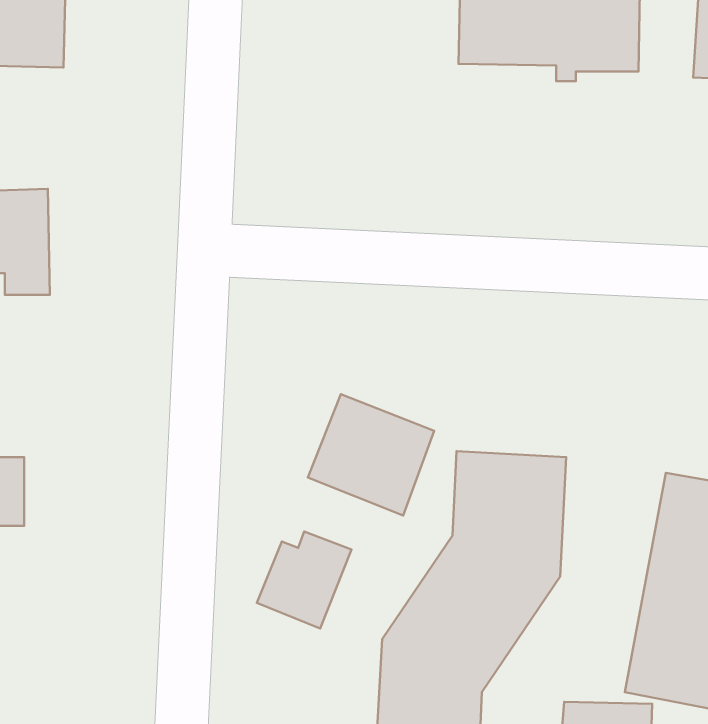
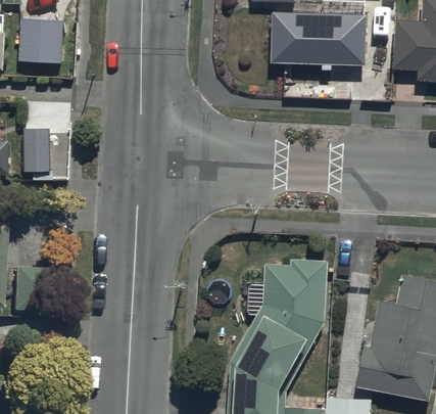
building: [308,394,434,515] -> none
building: [257,532,352,629] -> none

